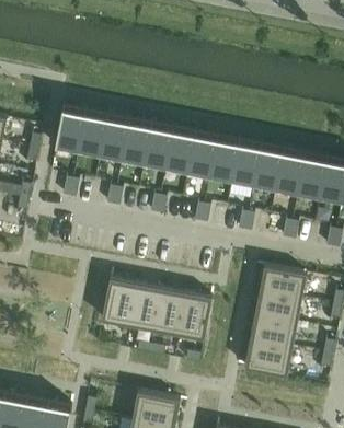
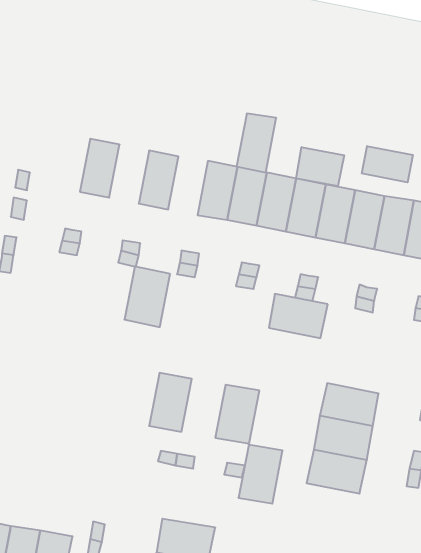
building: [54,107,84,151] -> none
building: [99,116,128,160] -> none
building: none -> [362,146,413,182]
building: none -> [296,147,344,186]
building: [142,125,172,169] -> [236,114,276,172]
building: [261,268,305,301] -> [269,294,328,338]
building: [102,280,136,325] -> [124,267,170,327]
building: [152,290,185,334] -> [238,445,283,504]

